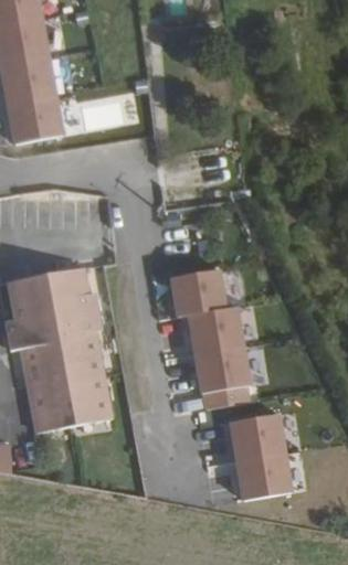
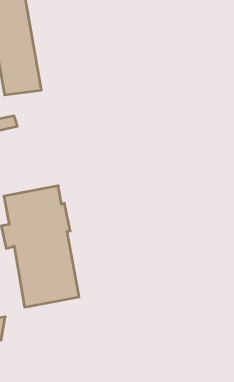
building: [168,268,251,393] -> none
building: [229,413,293,500] -> none

